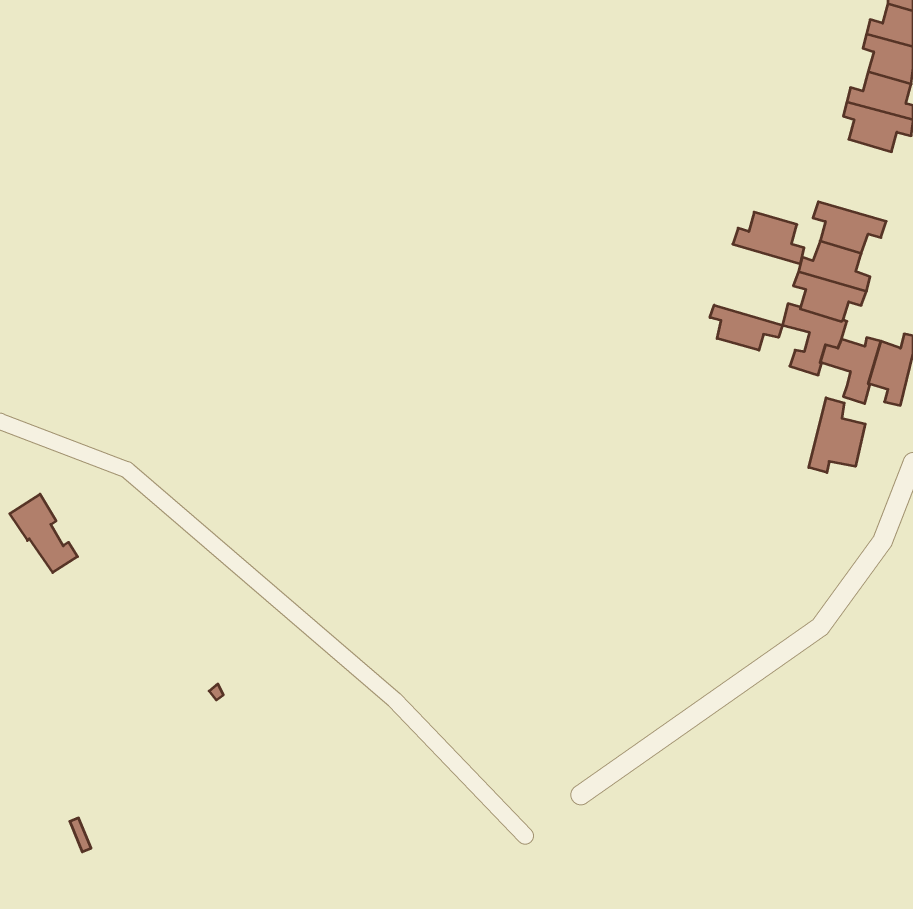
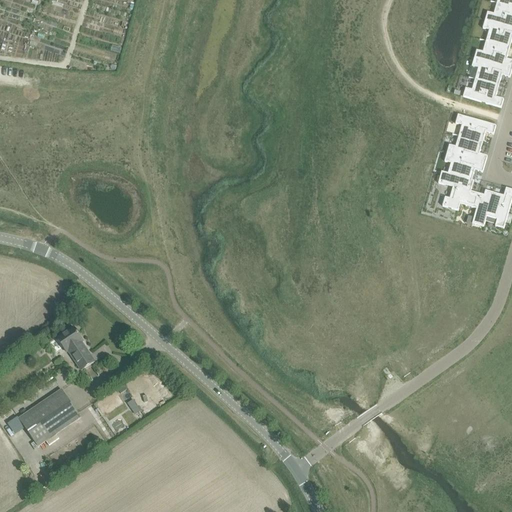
building: [733,212,804,264] -> [463,78,503,107]
building: [710,305,783,350] -> none
building: [809,398,865,473] -> none
building: [10,494,78,573] -> [57,325,95,369]
building: none -> [19,388,81,445]

